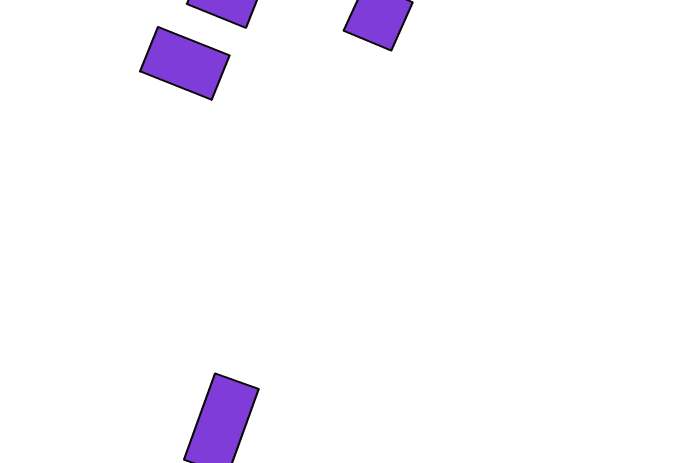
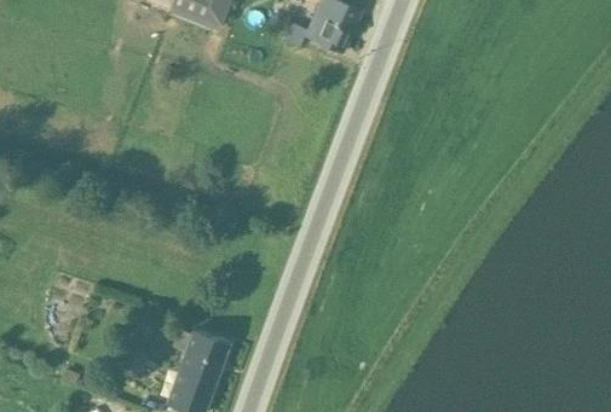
building: [140,27,230,100] -> none

